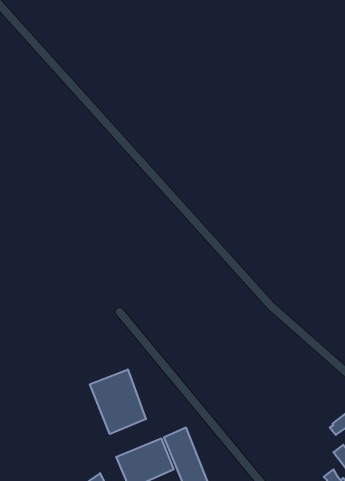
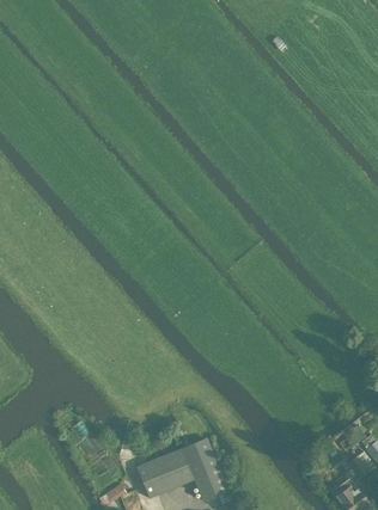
building: [90,369,146,434] -> none

